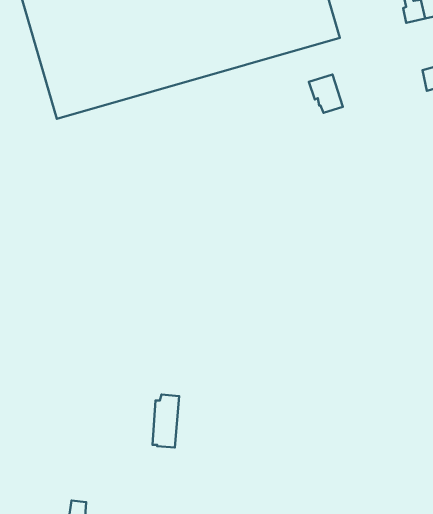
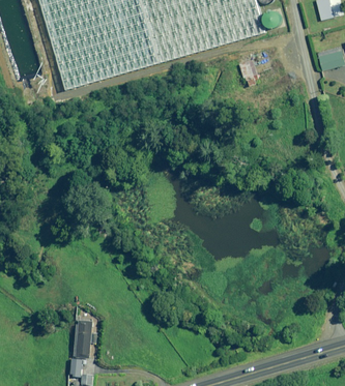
building: [153,395,179,448] -> [76,319,94,356]

